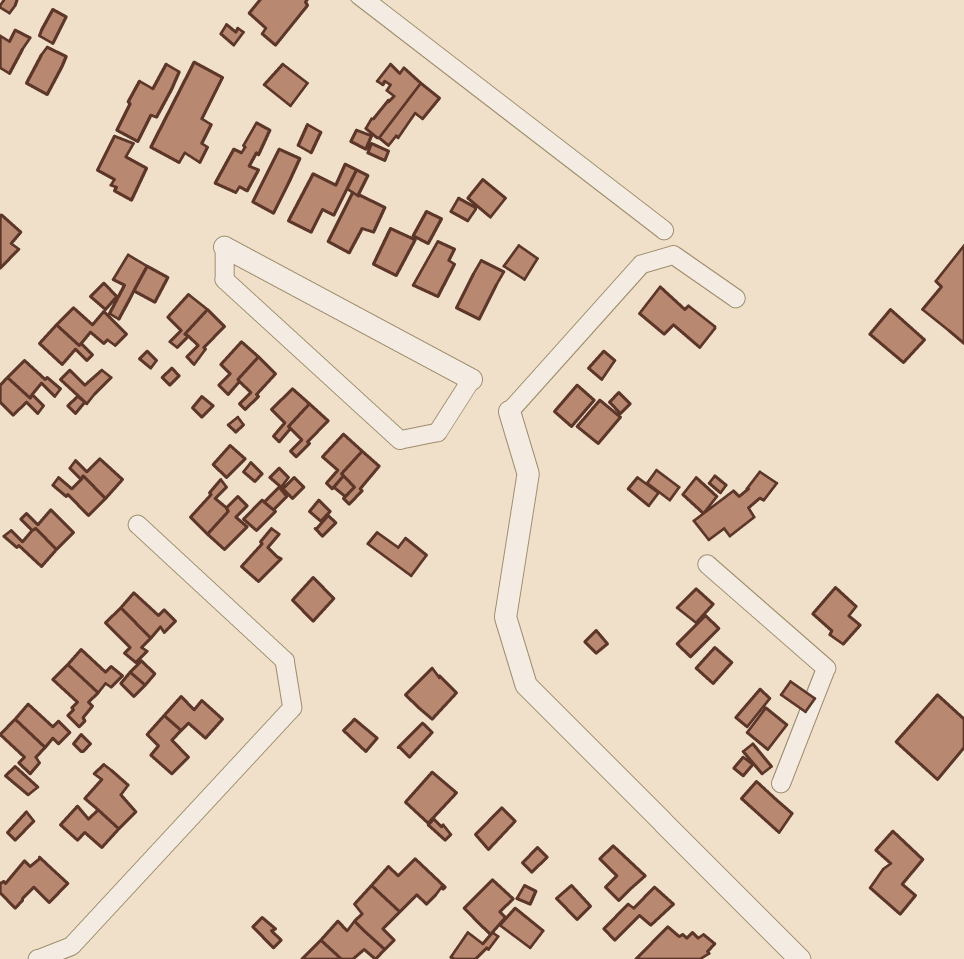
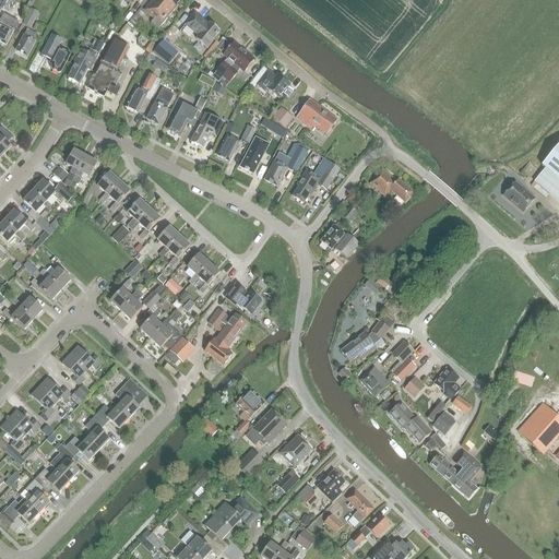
building: none -> [185,10,219,46]
building: none -> [257,68,289,96]
building: [98,136,147,200] -> [41,33,70,70]
building: none -> [296,97,337,132]
building: none -> [292,155,340,201]
building: [694,472,777,540] -> [341,320,389,359]
building: none -> [225,282,262,312]
building: none -> [150,308,180,346]
building: none -> [204,314,238,362]
building: [813,588,860,644] -> [433,365,461,397]
building: none -> [359,365,386,395]
building: none -> [115,377,140,416]
building: none -> [389,400,430,441]
building: none -> [250,407,287,442]
building: none -> [280,432,312,465]
building: none -> [64,435,99,459]
building: none -> [20,477,49,511]
building: [870,831,923,914] -> [451,449,481,497]
building: [464,880,513,935] -> [317,468,345,500]

